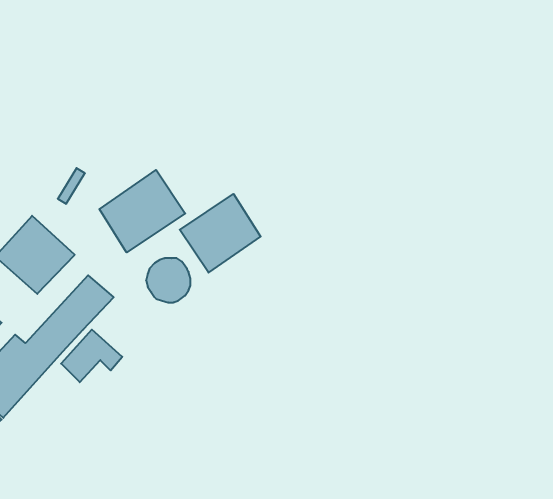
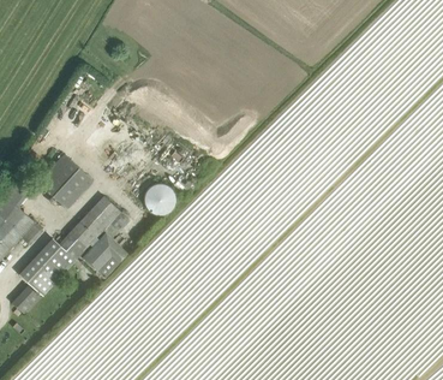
building: [99,170,185,252] -> none
building: [180,194,261,273] -> none

